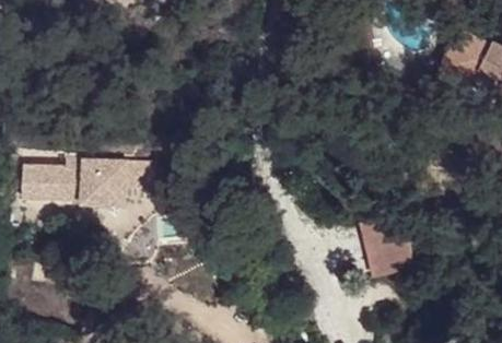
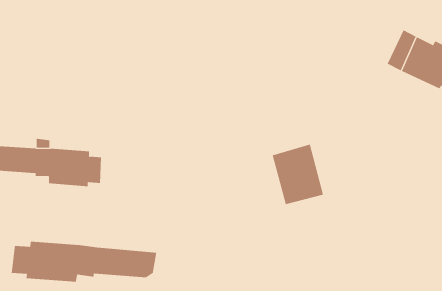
building: [354,213,410,279] -> [272,144,324,205]
building: none -> [11,241,157,283]

